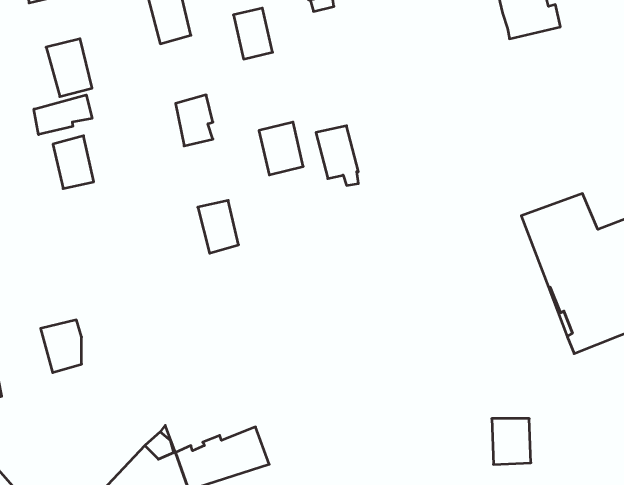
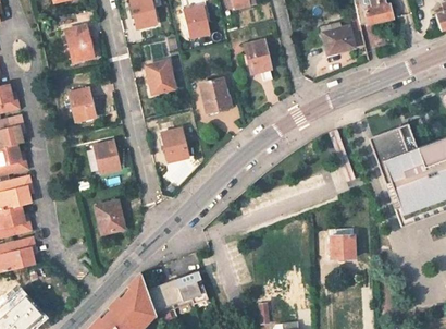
building: none -> [320,21,355,53]
building: [34,95,92,135] -> none
building: [316,126,358,185] -> [244,40,271,78]
building: none -> [94,139,121,174]
building: [41,320,82,373] -> [95,200,121,234]
building: [492,419,531,464] -> [329,229,354,258]

